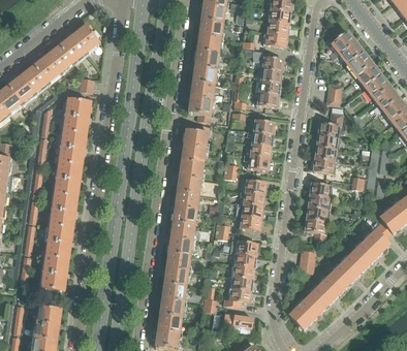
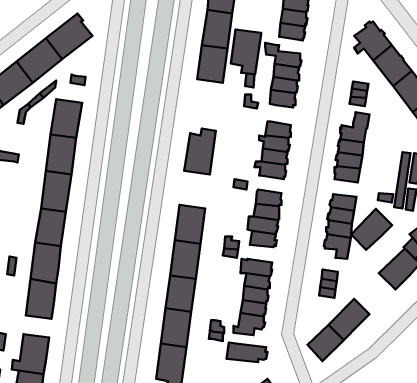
building: [188,82,215,121] -> [231,29,261,74]
building: [177,162,203,195] -> none
building: [331,252,367,288] -> [351,209,392,250]

